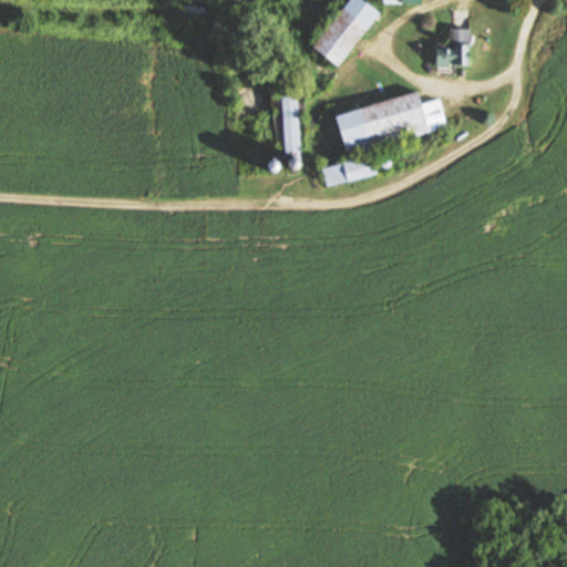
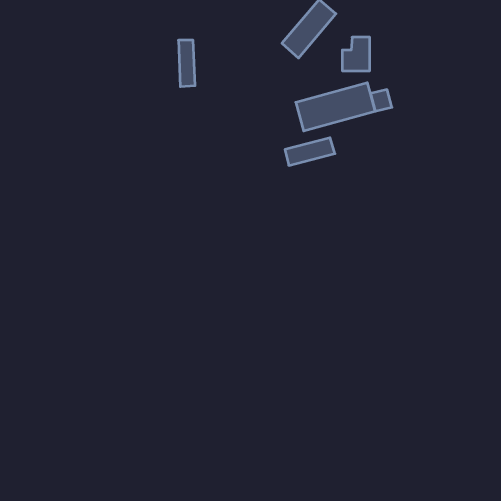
building: [436,28,467,65] -> [342,37,370,71]
building: [282,97,301,150] -> [178,40,195,87]

